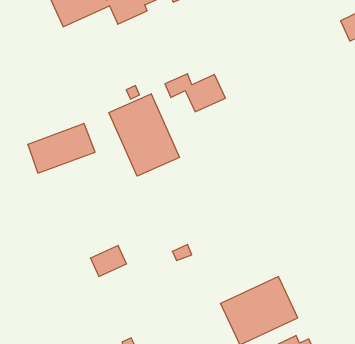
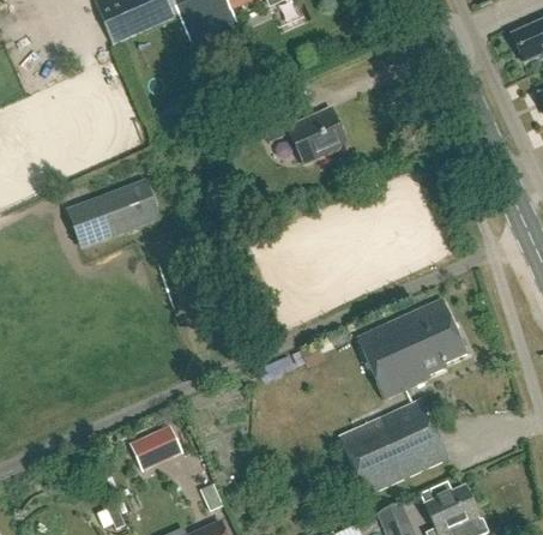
building: [109,94,179,176] -> none
building: none -> [357,299,465,398]
building: [90,245,127,277] -> [131,426,182,470]

